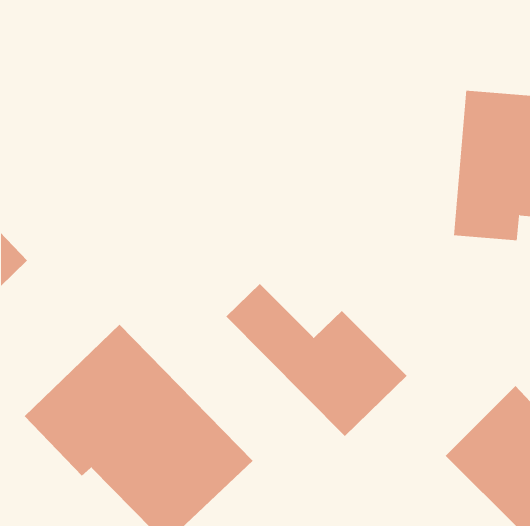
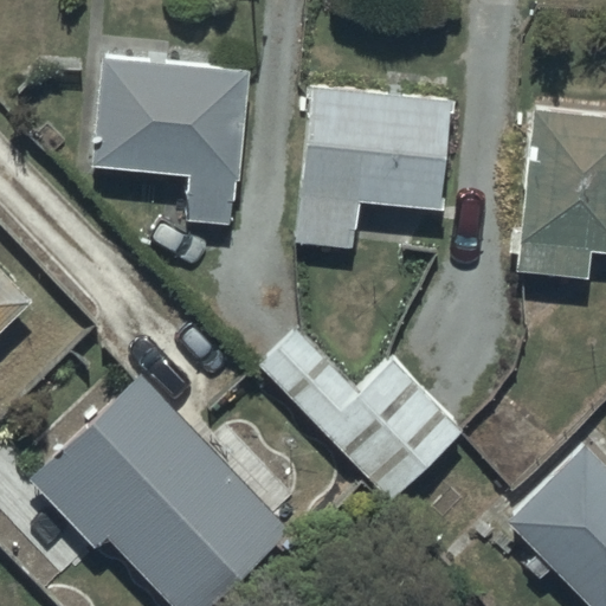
building: none -> [94,59,252,224]
building: none -> [297,88,454,249]

